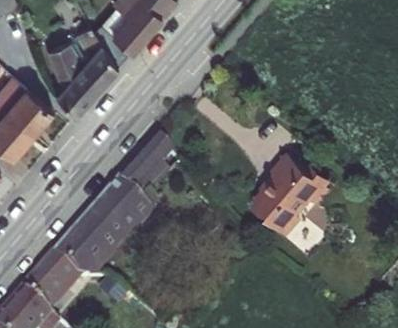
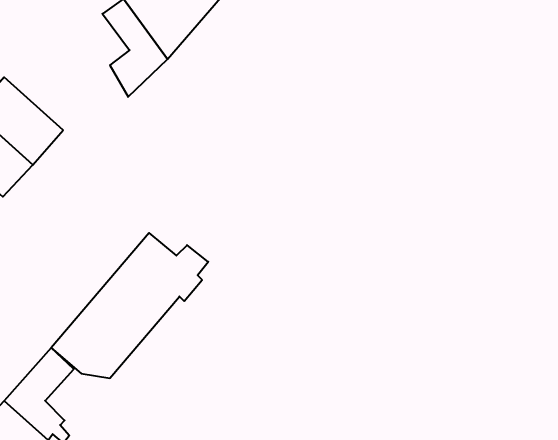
building: [48,40,98,112] -> none
building: [119,134,176,187] -> none
building: [253,157,331,237] -> none

